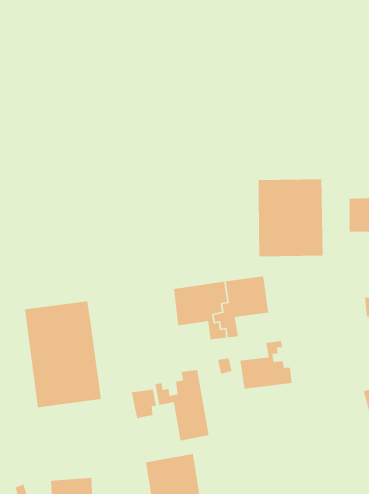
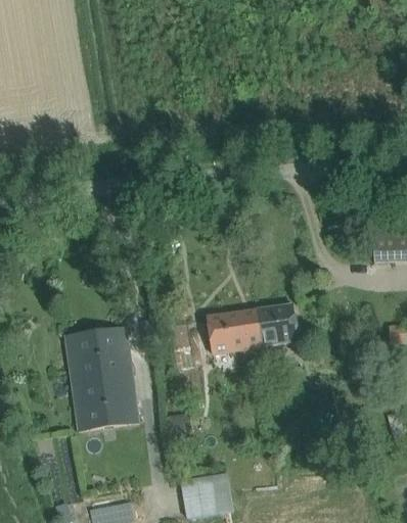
building: [258,179,324,257] -> none
building: [239,340,292,389] -> none
building: [155,369,210,442] -> none

